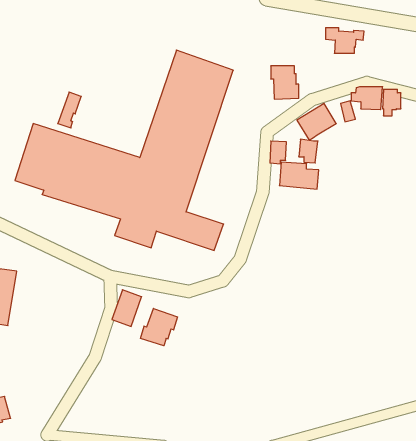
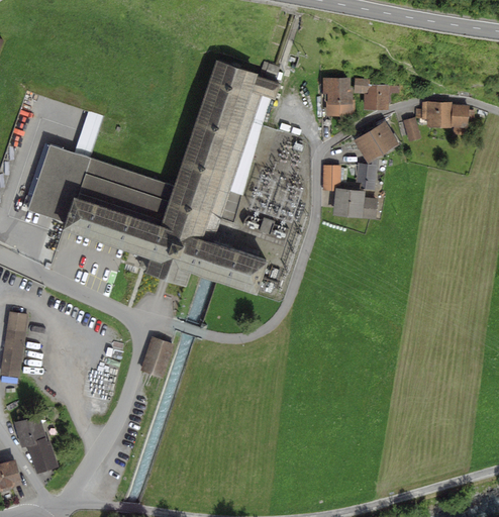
building: [326,28,364,53] -> [354,78,398,107]
building: [140,308,178,346] -> none
building: none -> [14,415,57,472]

